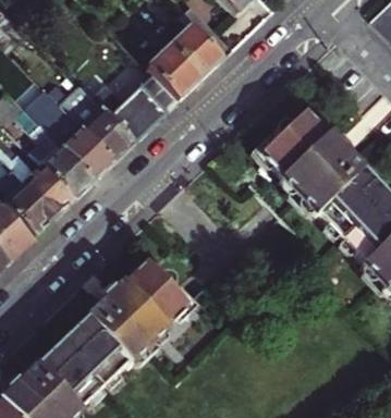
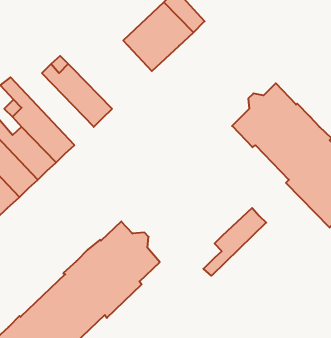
building: [91,74,176,142] -> none
building: [25,100,114,181] -> none
building: none -> [203,208,266,276]

